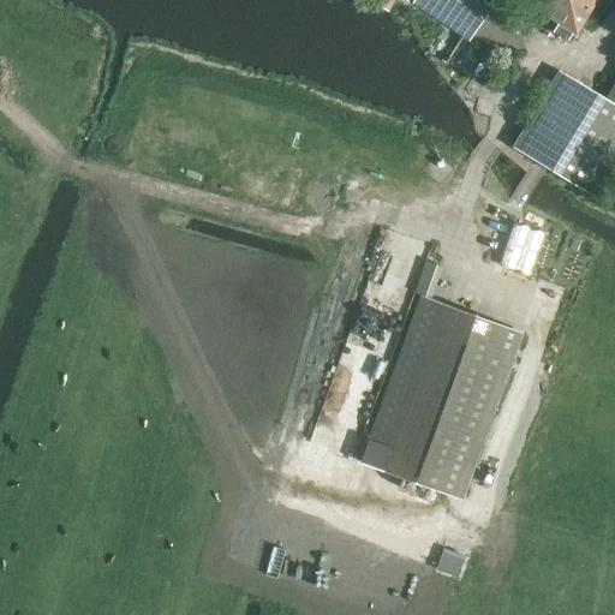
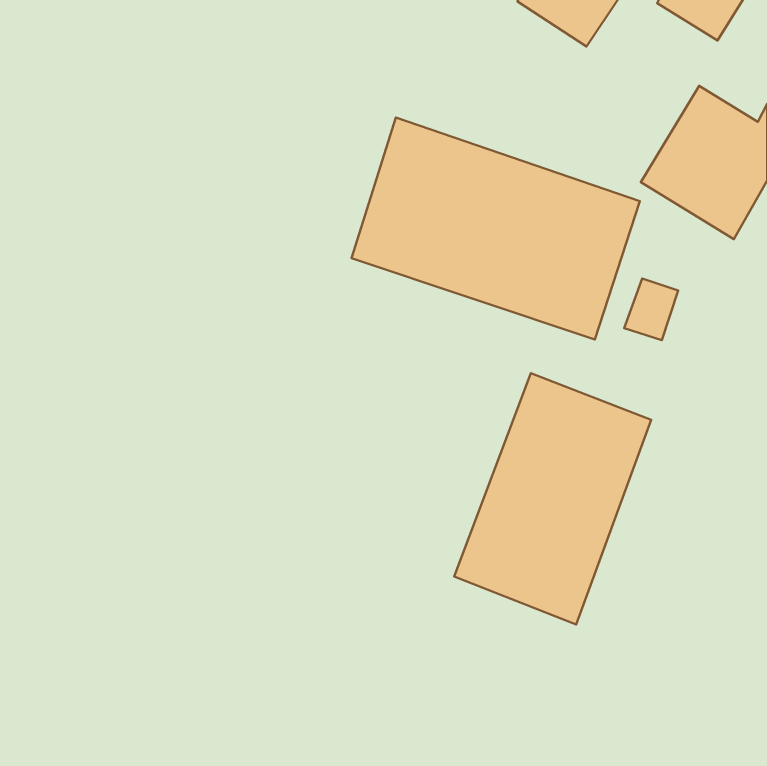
building: none -> [351,117,640,339]

